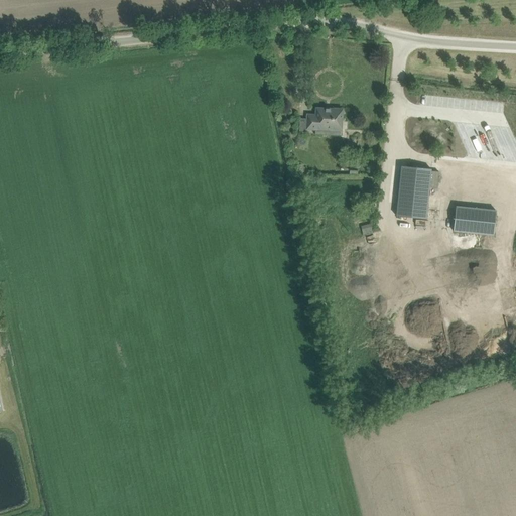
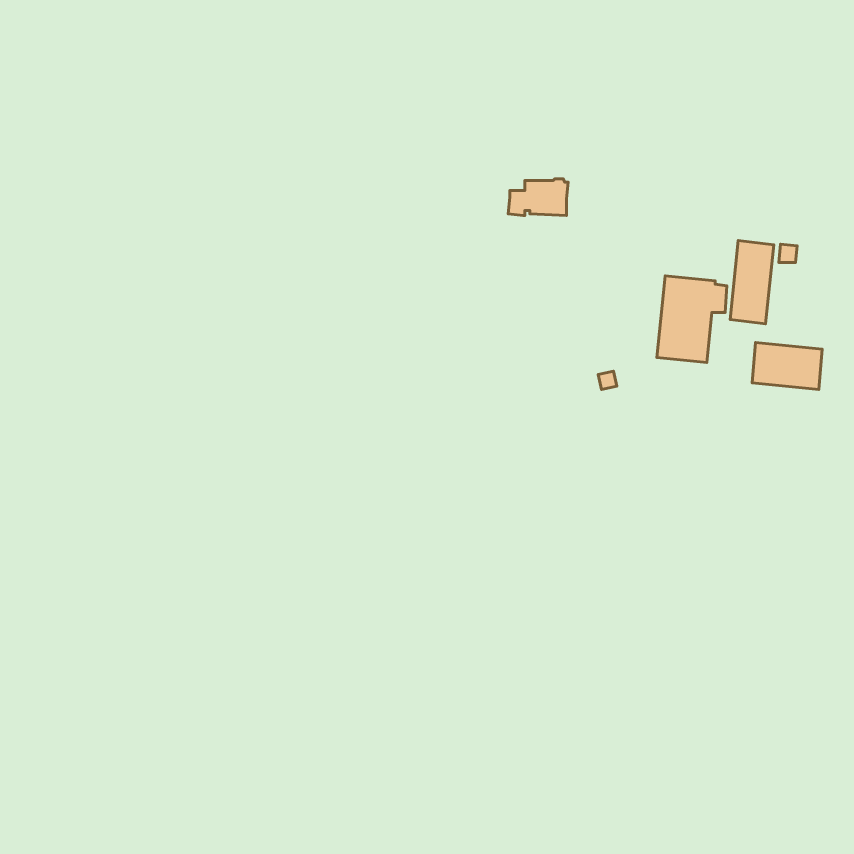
building: none -> [730,240,774,324]

